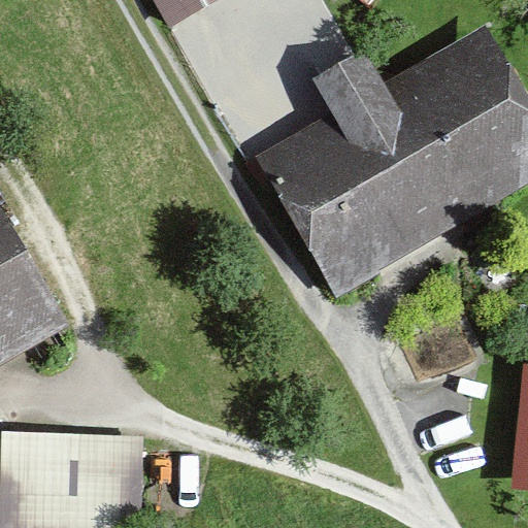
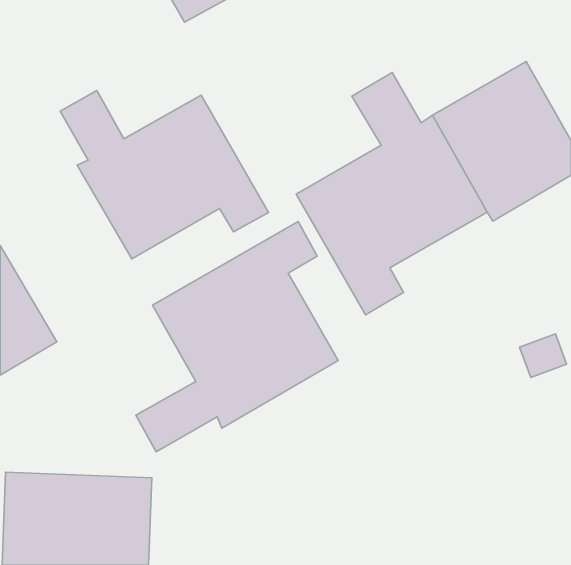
building: none -> [60,90,268,259]
building: none -> [136,221,338,452]

